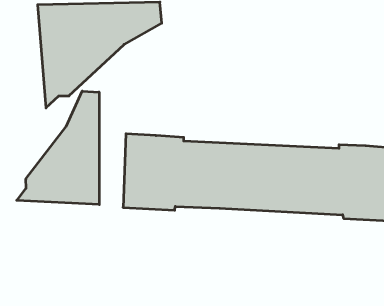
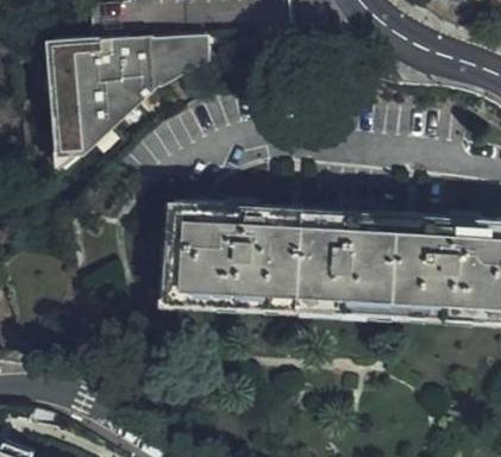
building: [17,91,99,205] -> none

